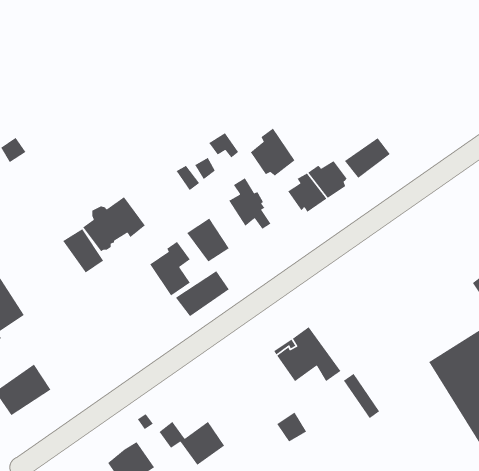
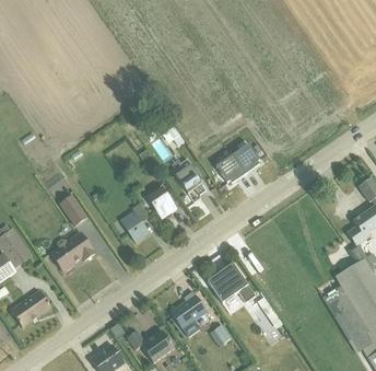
building: [250,128,295,177] -> none
building: [344,137,391,179] -> none
building: [82,196,146,252] -> [50,231,95,270]
building: [175,270,230,317] -> none
building: none -> [171,291,208,336]

